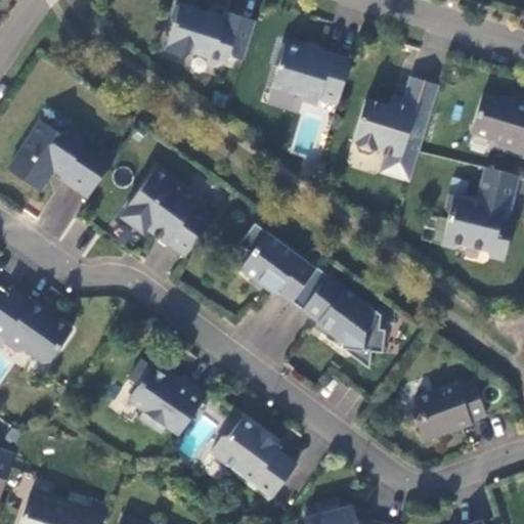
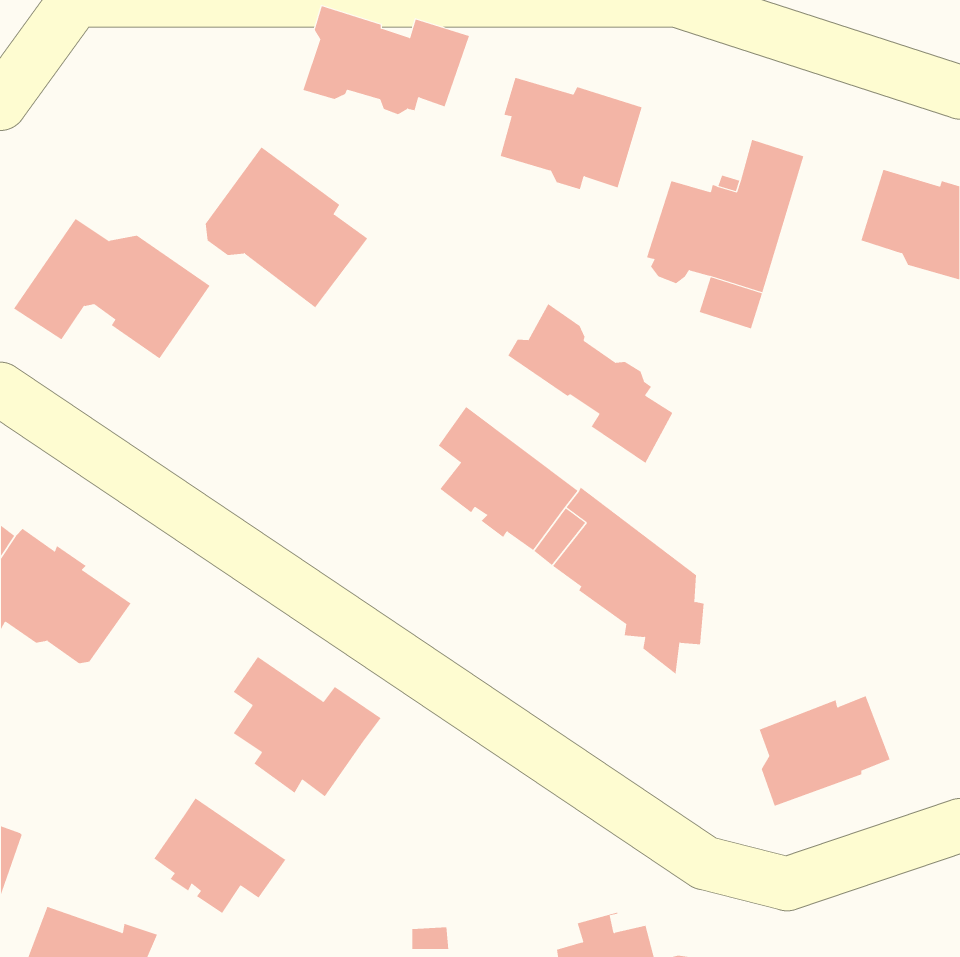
building: none -> [507,303,673,464]
building: [441,168,519,260] -> none
building: [124,169,213,257] -> [205,147,368,308]
building: [207,422,293,501] -> none
building: none -> [154,797,286,914]

